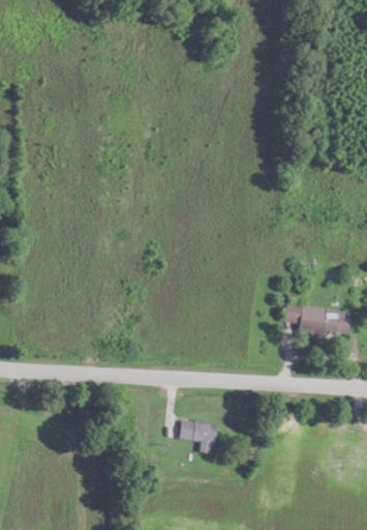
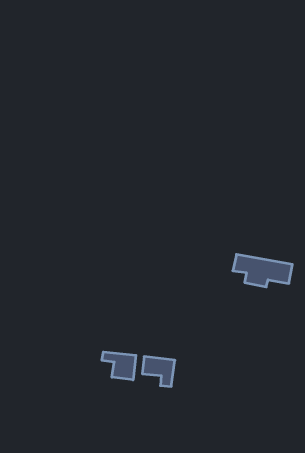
building: none -> [102,352,136,380]

